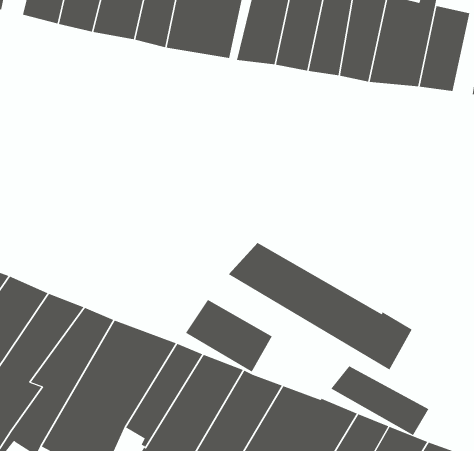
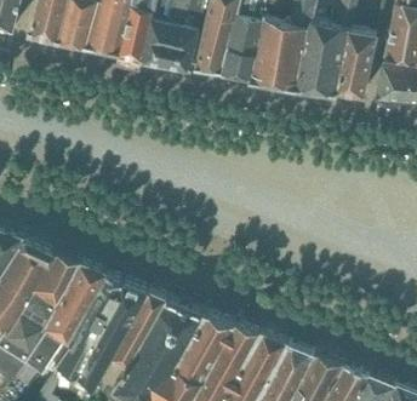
building: [228,242,413,371] -> none
building: [185,299,273,372] -> none
building: [331,366,429,436] -> none

